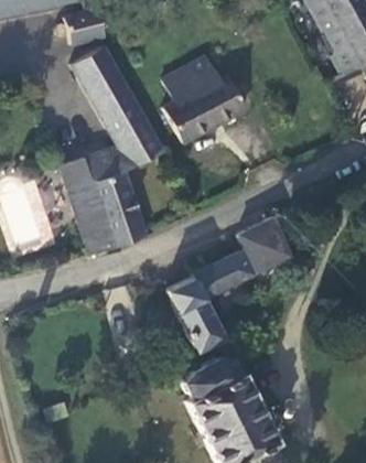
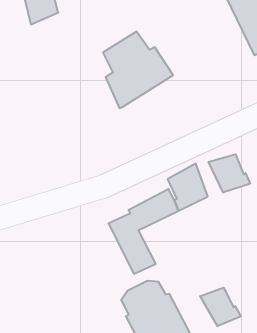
building: [63,47,161,254] -> none
building: none -> [209,154,250,193]
building: none -> [200,288,241,326]

